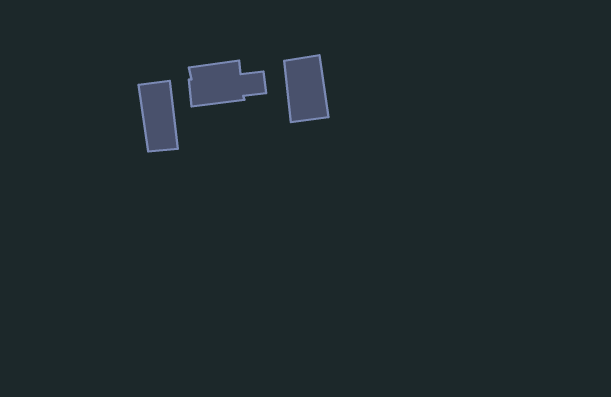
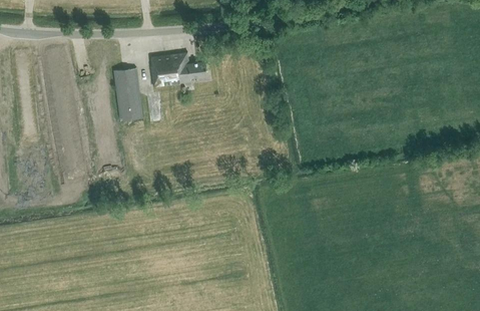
building: [284,55,328,122] -> none

